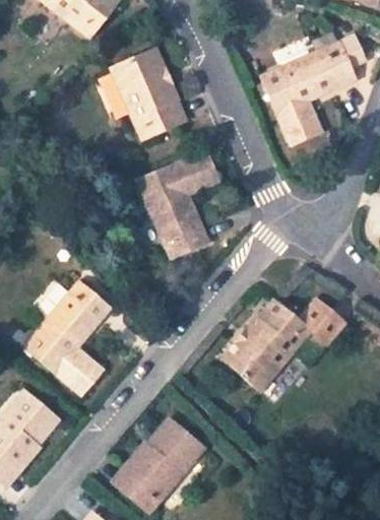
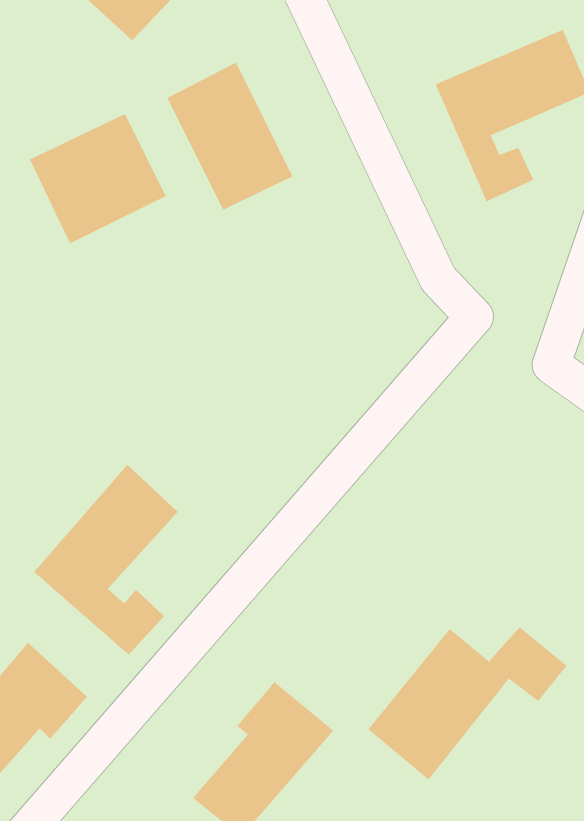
building: none -> [29,113,166,244]
building: [140,155,220,262] -> none
building: [226,297,344,388] -> [367,627,567,781]

